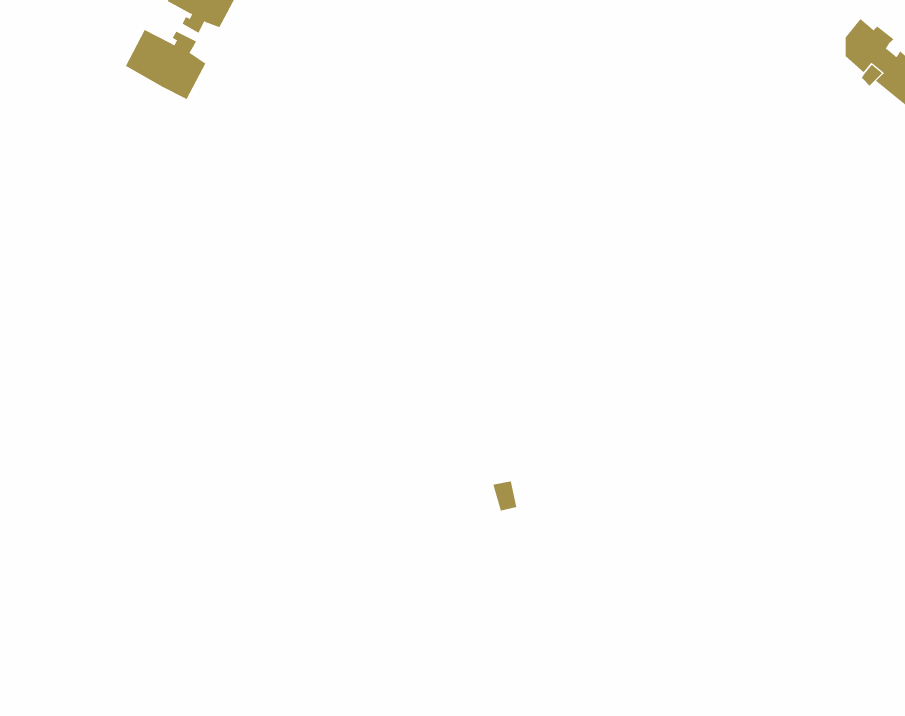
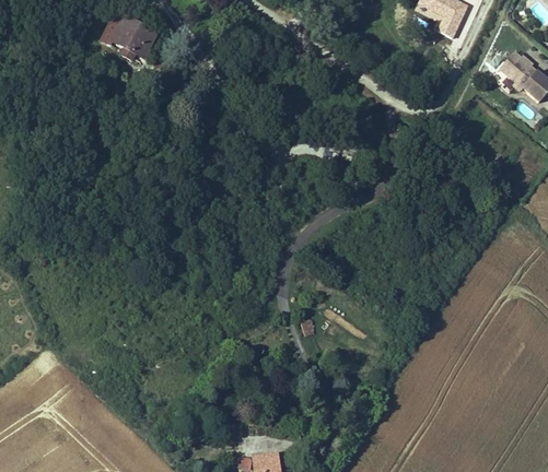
building: [125,29,206,100] -> none

